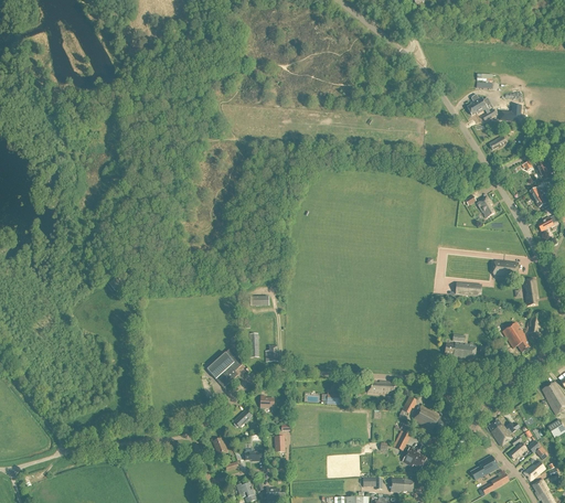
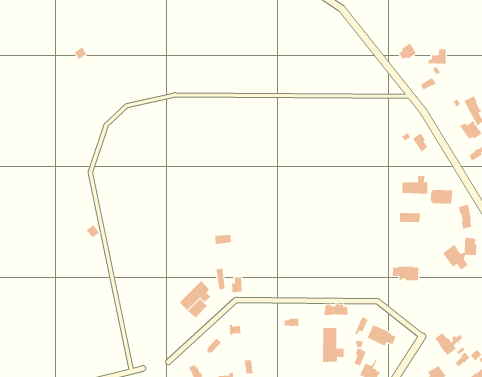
building: none -> [402,175,428,195]
building: none -> [322,327,344,363]

